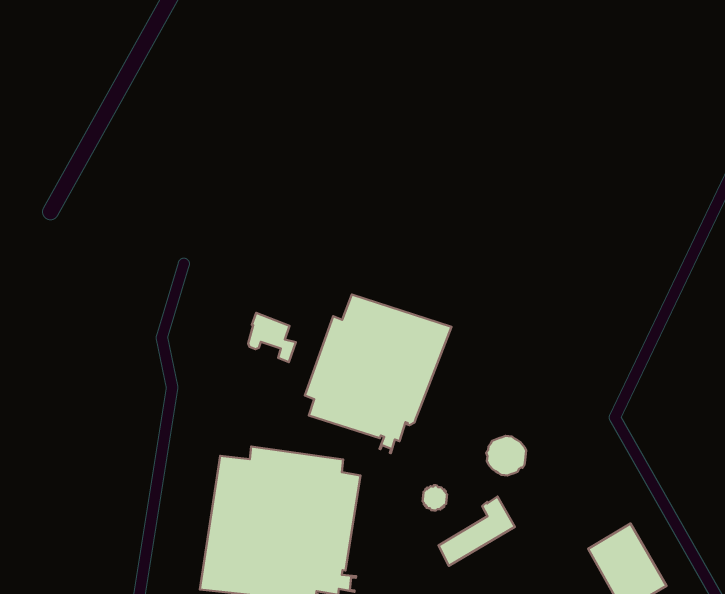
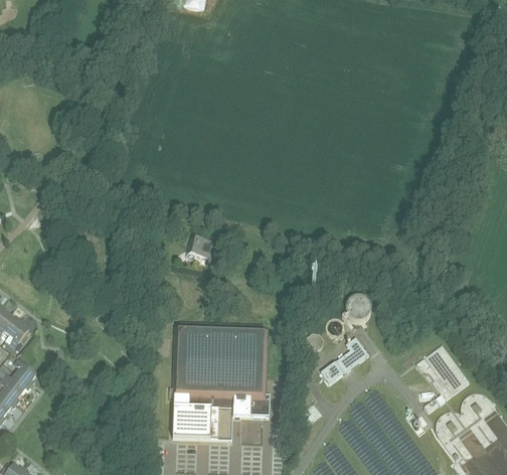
building: [305,295,451,453] -> none

